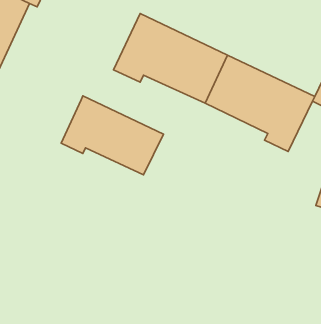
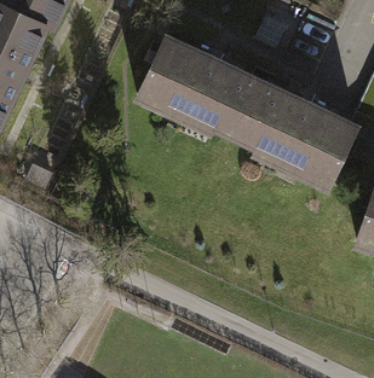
building: [61,96,163,175] -> none

